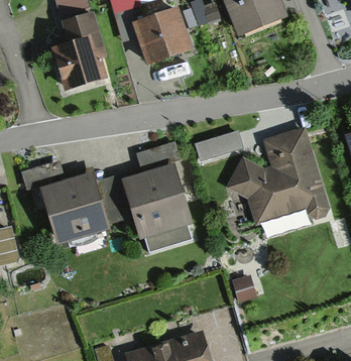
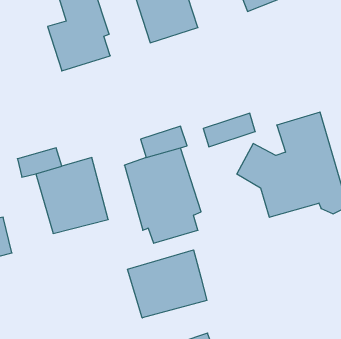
building: none -> [128,250,207,318]

